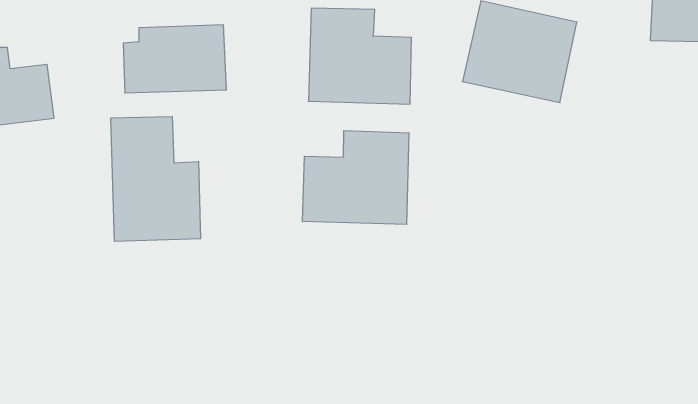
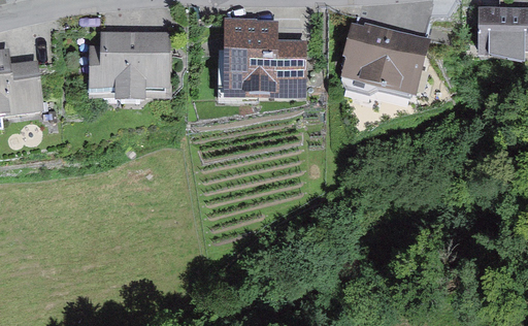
building: [111,117,201,241] -> none
building: [302,131,409,224] -> none

